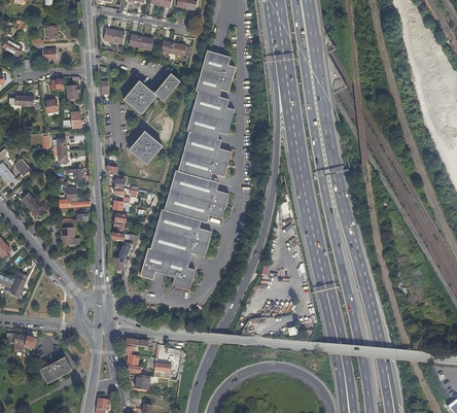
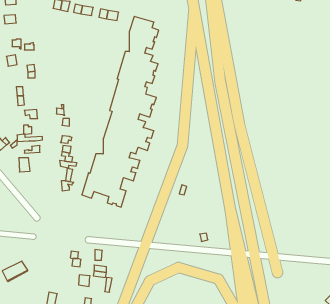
building: [122,72,180,112] -> none
building: [129,130,162,163] -> none

